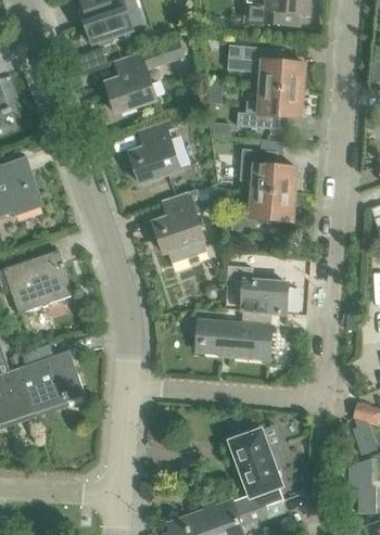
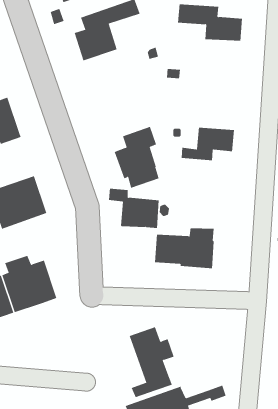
building: [237,88,303,127] -> none
building: [128,123,179,183] -> none
building: [240,150,297,195] -> none
building: [227,266,288,314] -> [108,188,160,228]
building: [230,429,284,513] -> [129,327,175,398]

